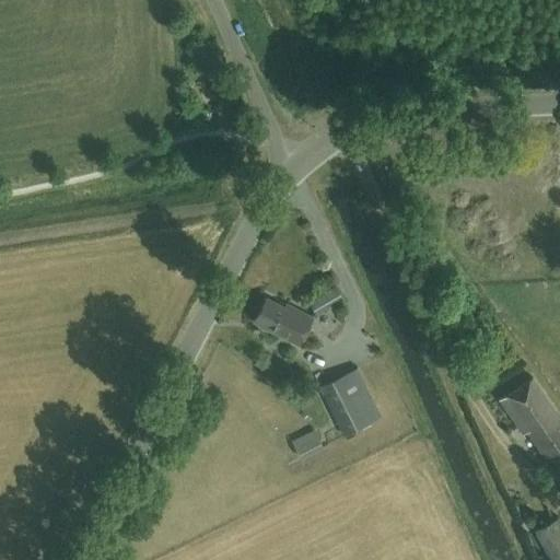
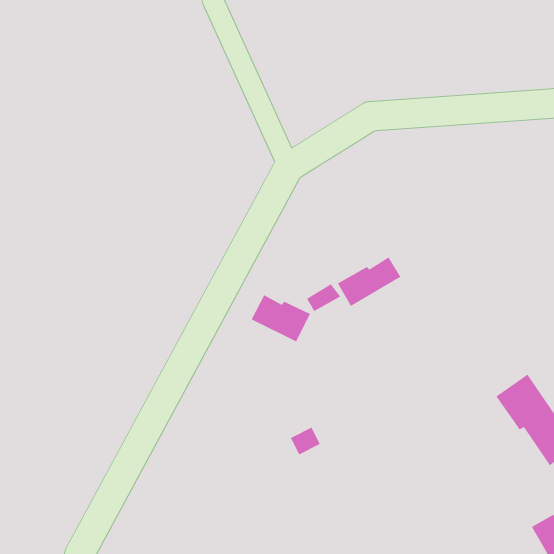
building: none -> [337,257,401,307]
building: [320,369,382,436] -> none

